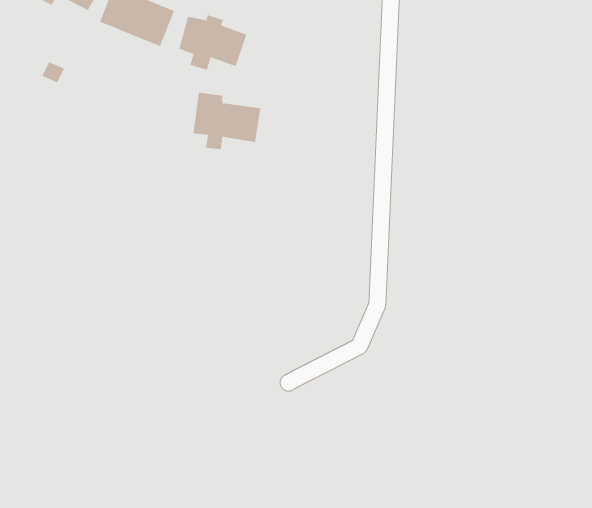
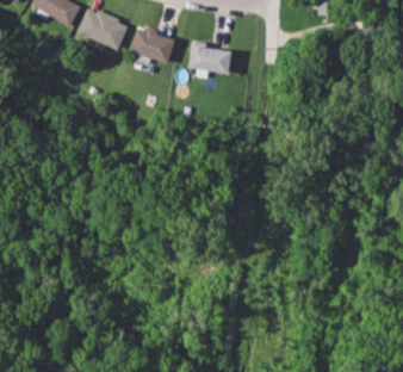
building: [193,92,261,150] -> [186,41,231,79]

